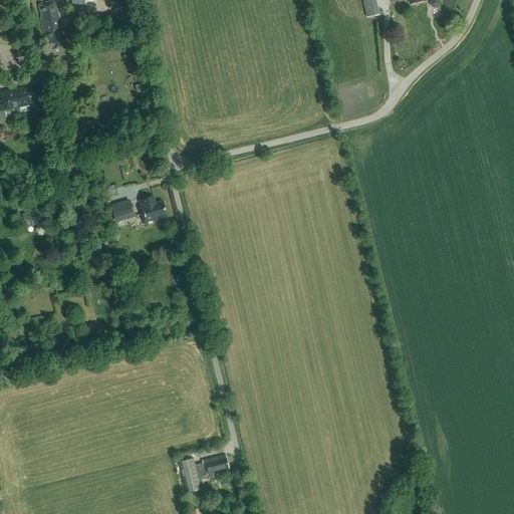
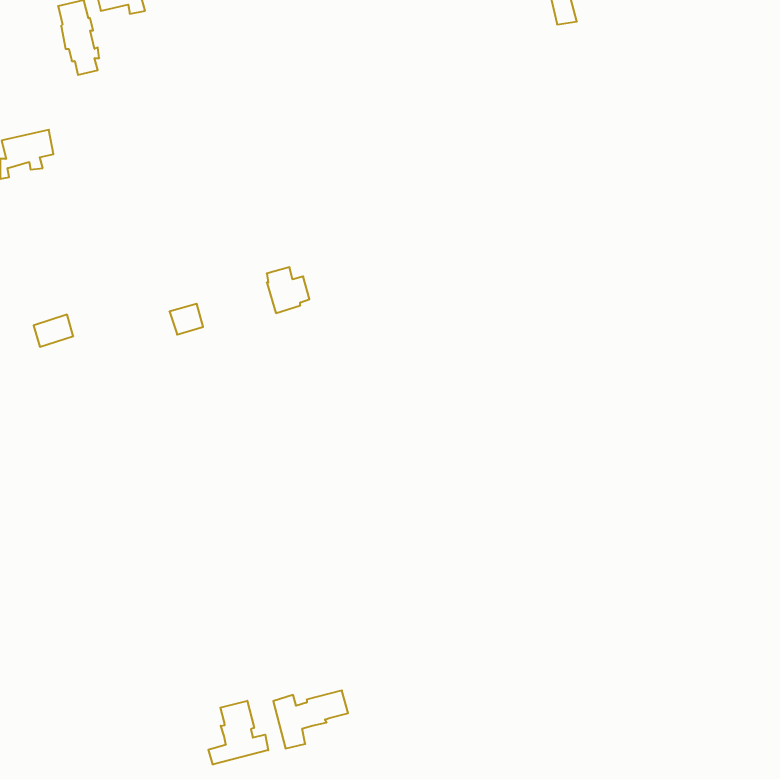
building: [138,197,166,227] -> [267,267,309,313]
building: none -> [208,701,268,765]

